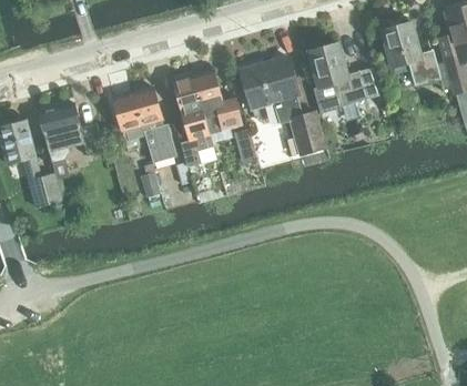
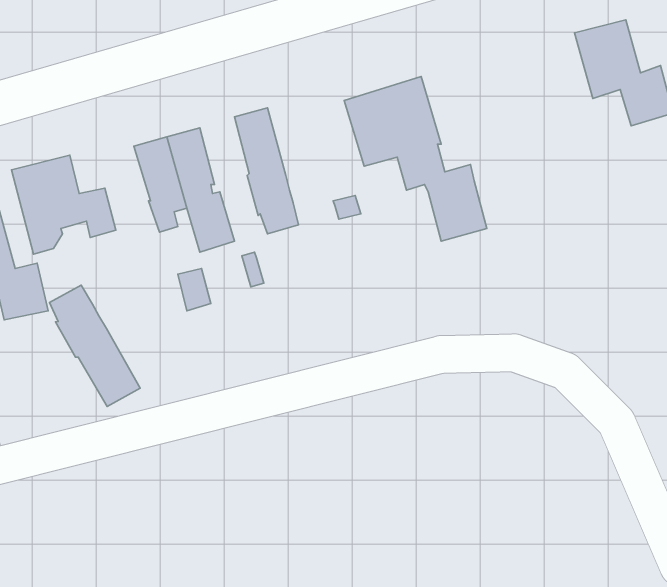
building: [308,41,368,105] -> none
building: [194,69,242,131] -> none
building: none -> [50,285,140,407]

